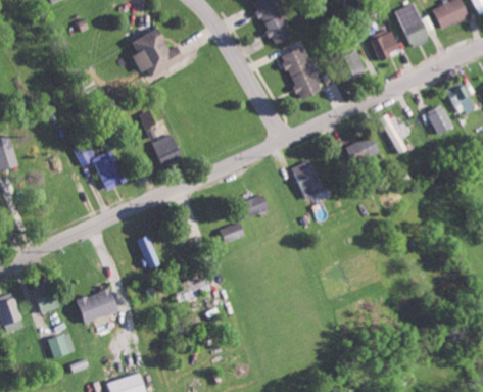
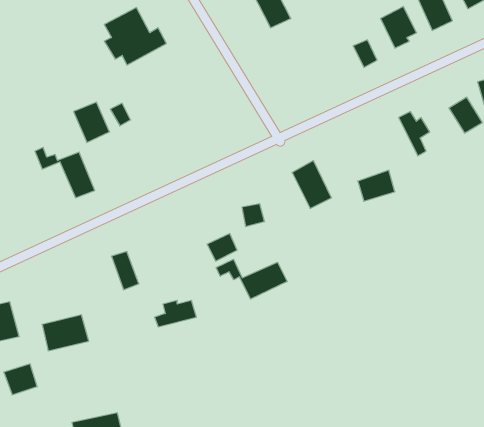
building: [282,48,320,100] -> none
building: [152,133,183,167] -> [74,102,110,143]
building: [347,136,379,162] -> [358,170,395,201]
building: none -> [216,259,287,299]

